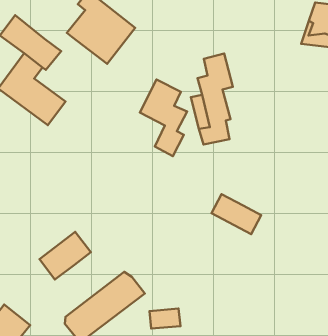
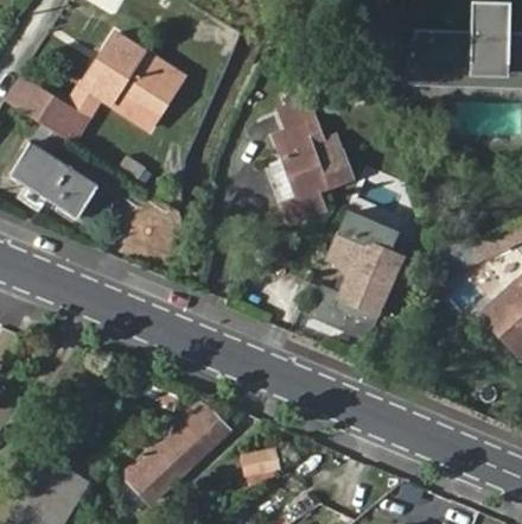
building: none -> [69,57,119,121]
building: [140,80,187,156] -> [326,213,388,311]
building: none -> [308,141,349,189]
building: [40,232,91,279] -> none

